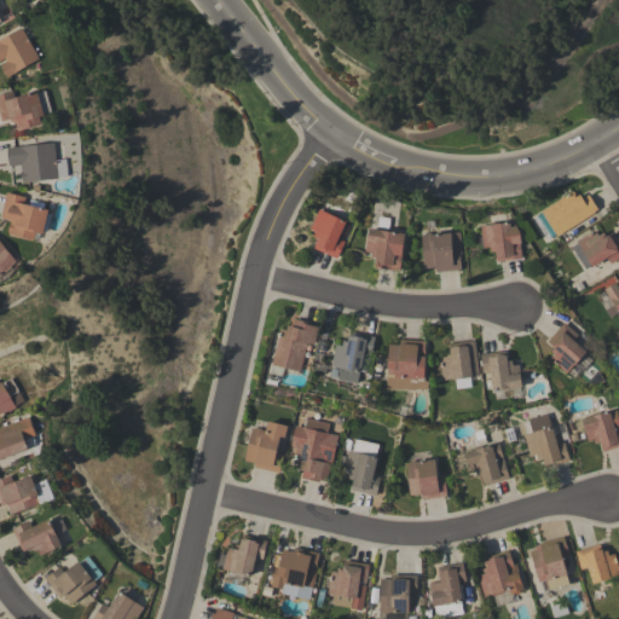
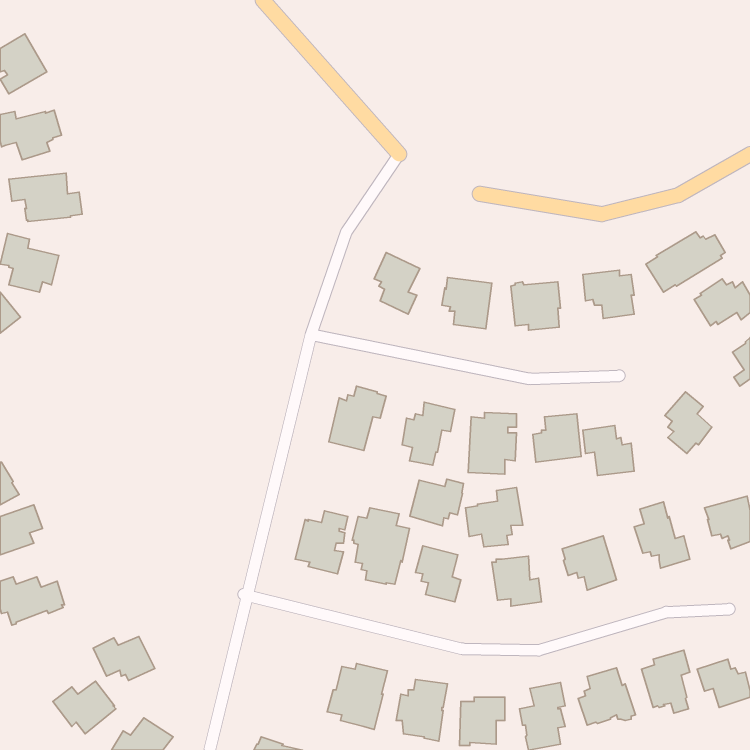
building: none -> [410,479,464,526]
building: none -> [465,488,523,547]
building: [11,519,62,555] -> [93,636,155,680]
building: [221,534,266,575] -> none

